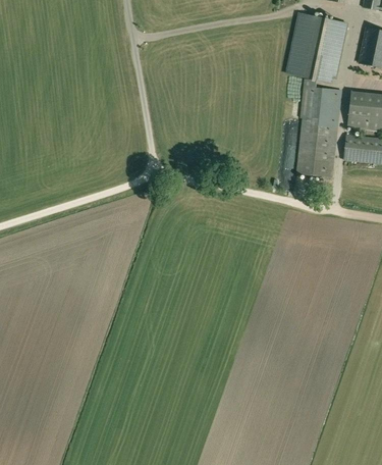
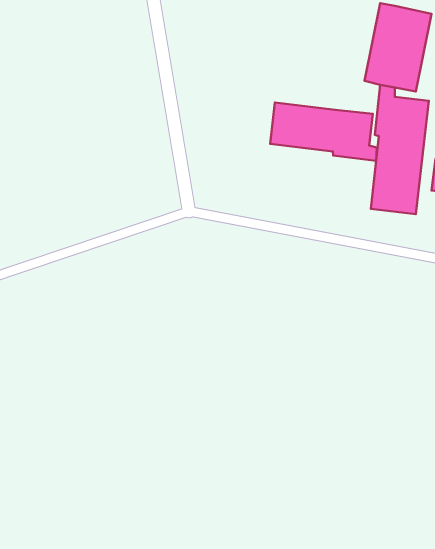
building: none -> [270,103,377,161]

